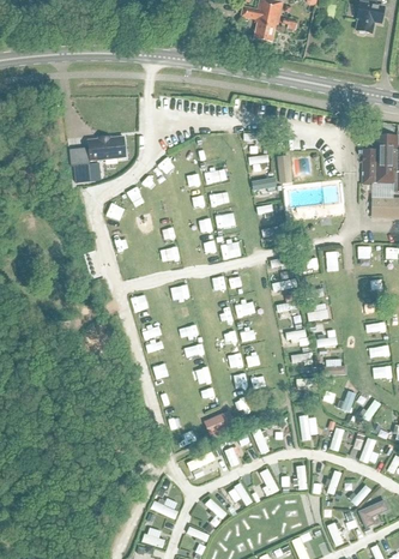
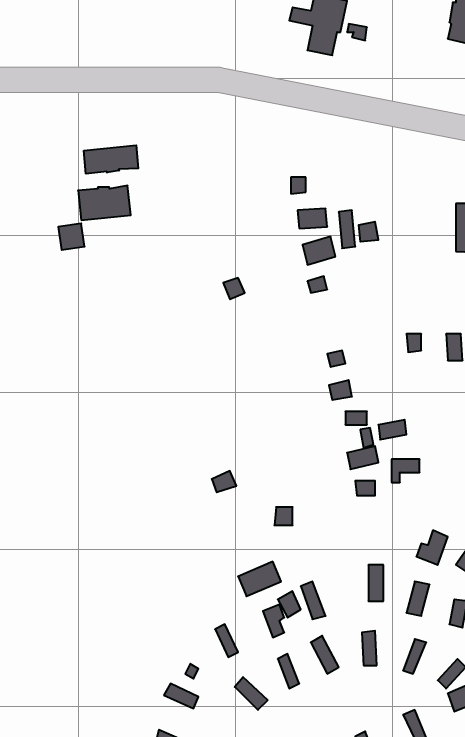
building: none -> [84,145,138,174]

